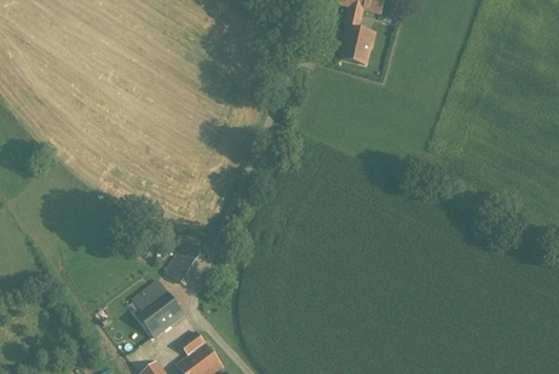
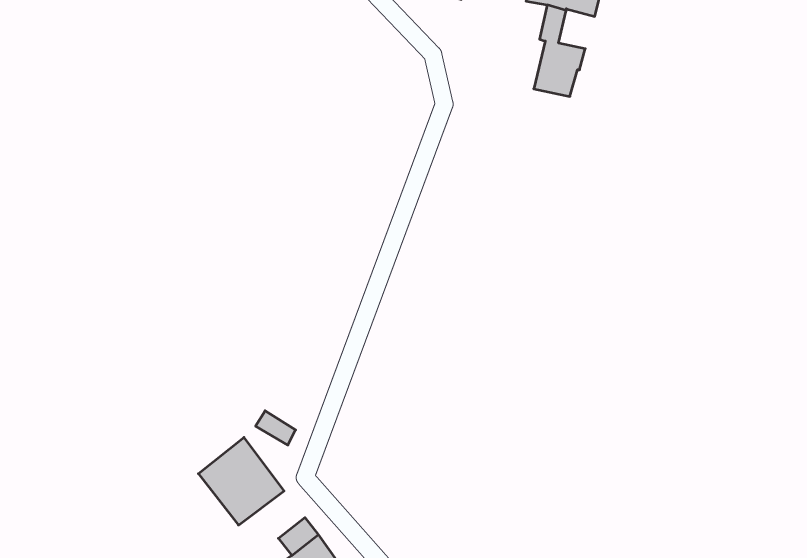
building: [171,242,203,275] -> none

